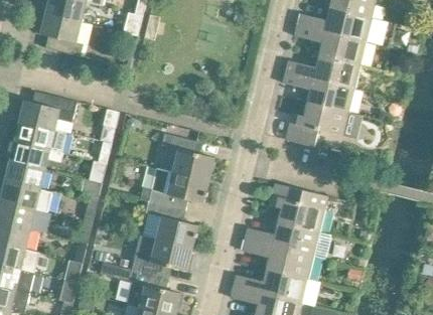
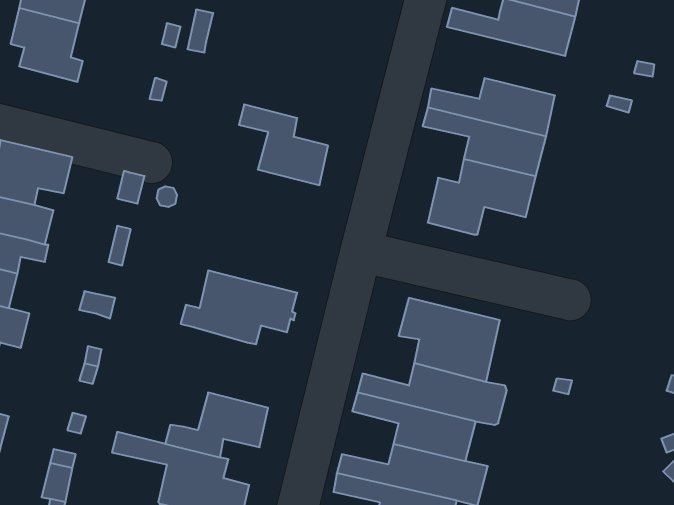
building: [293,25,366,65] -> none
building: [161,134,213,181] -> [239,104,328,185]
building: [145,201,197,249] -> none

